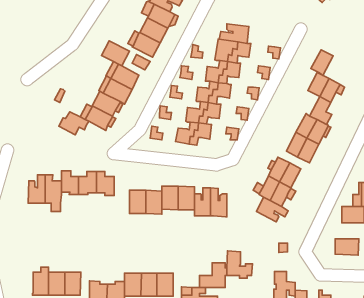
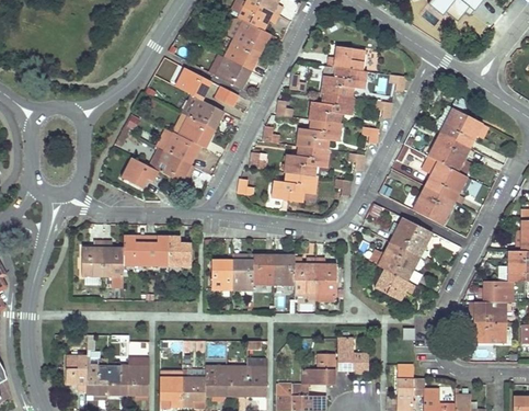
building: [311,50,333,75] -> [427,132,456,164]
building: none -> [475,301,506,322]
building: none -> [66,354,88,391]

